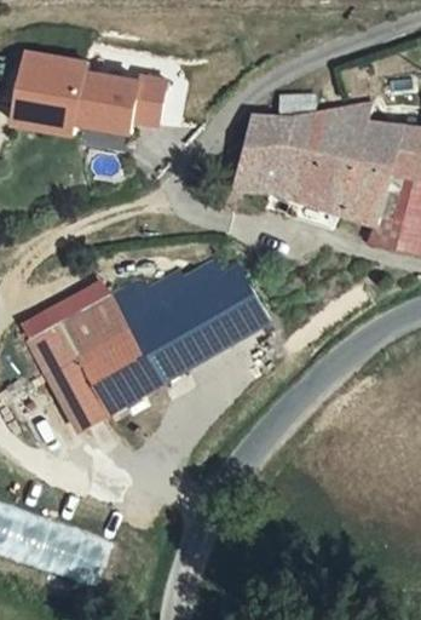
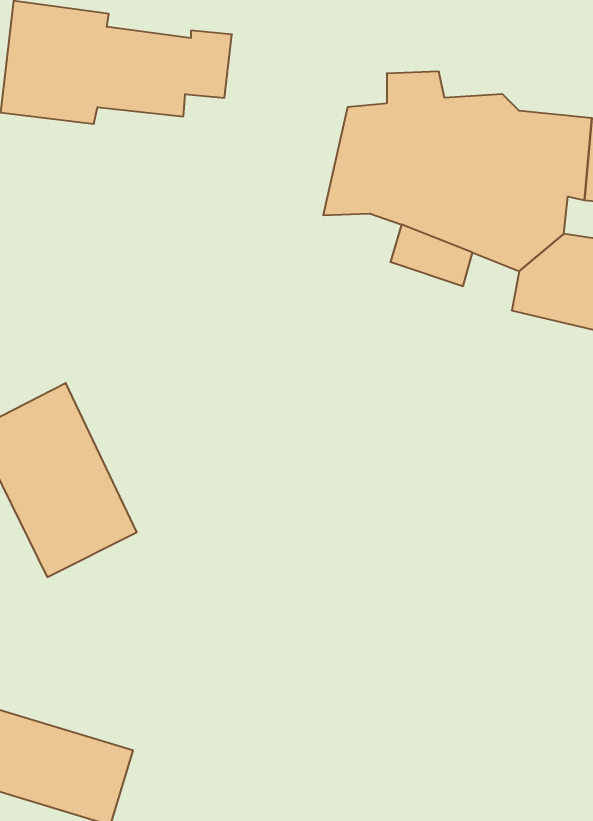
building: [75,271,259,396] -> none

